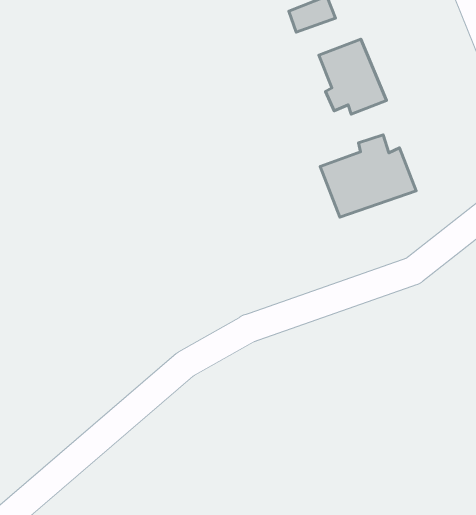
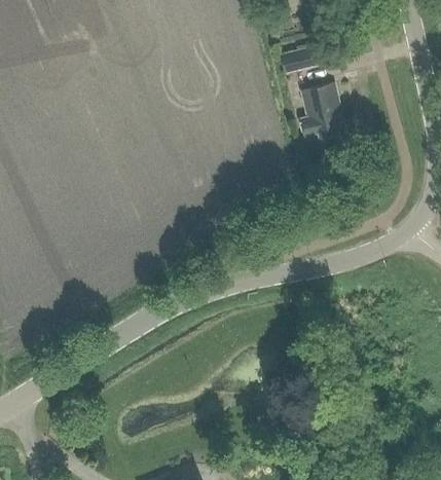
building: [320,135,416,217] -> none

